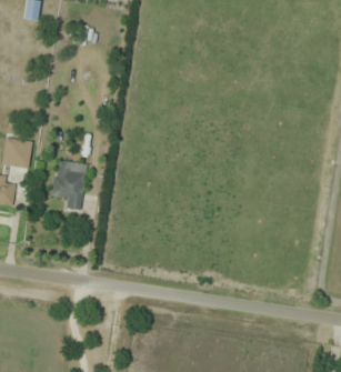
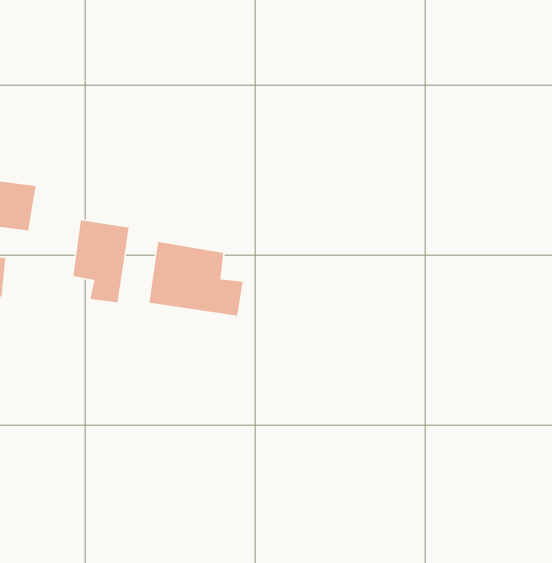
building: none -> [149,241,244,317]

